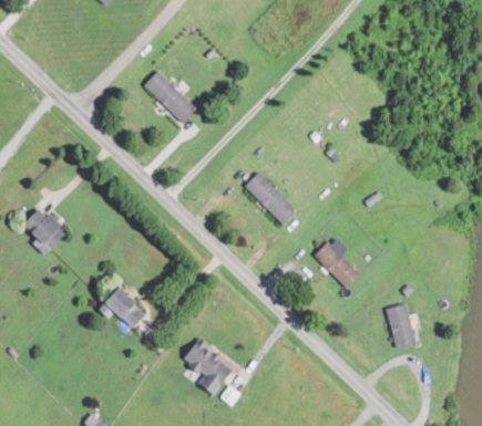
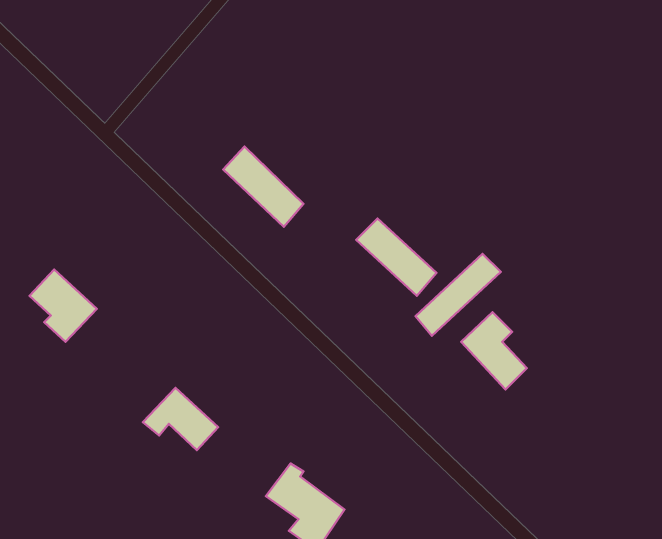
building: [142,69,196,123] -> [223,146,304,227]
building: none -> [415,254,501,336]
building: [384,302,416,347] -> none

